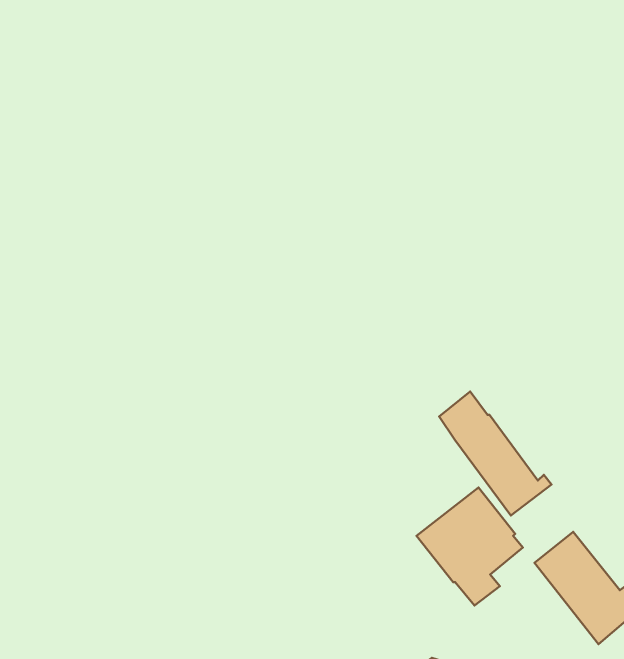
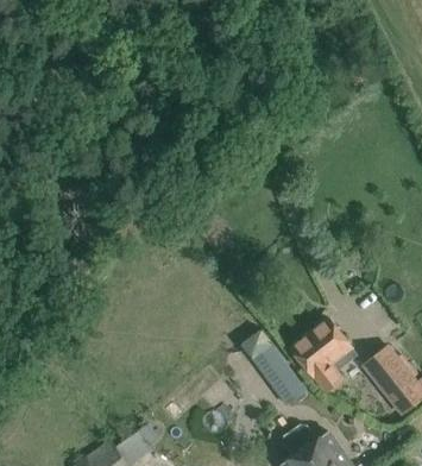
building: [439,391,551,515] -> [241,329,310,405]

